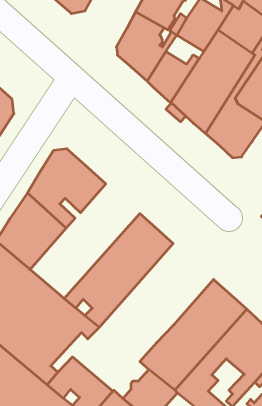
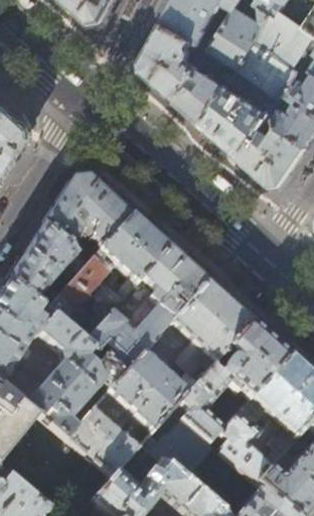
building: none -> [45,218,168,346]
building: none -> [101,284,251,435]

